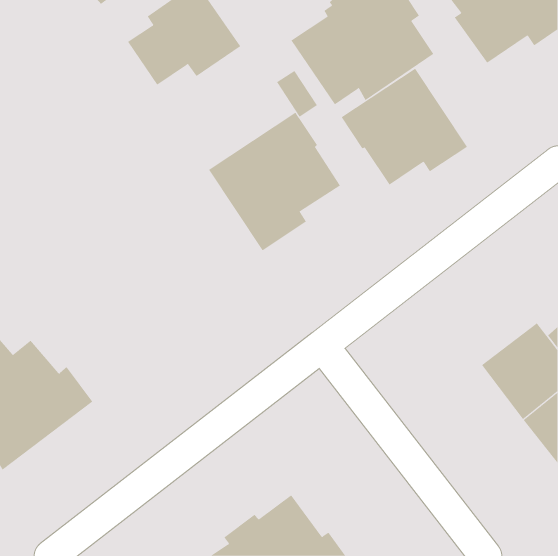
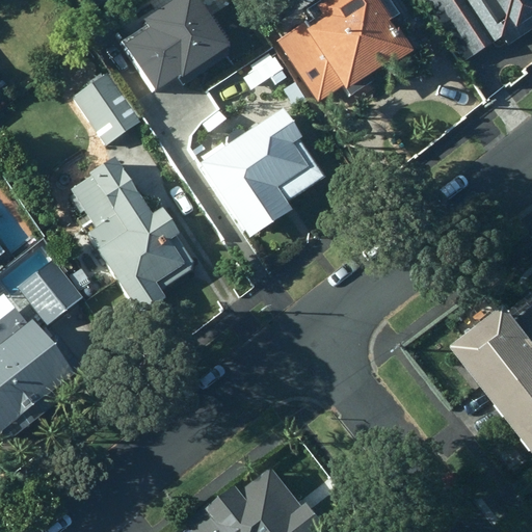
building: [341,68,468,186] -> none
building: none -> [71,72,139,143]
building: none -> [69,157,191,315]
building: none -> [17,258,81,324]

